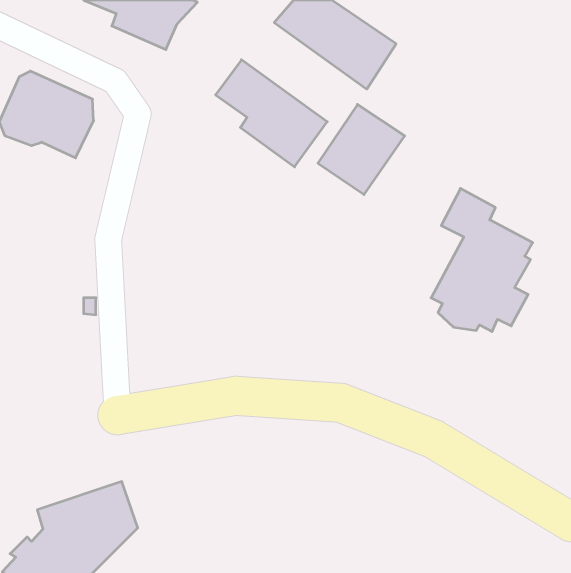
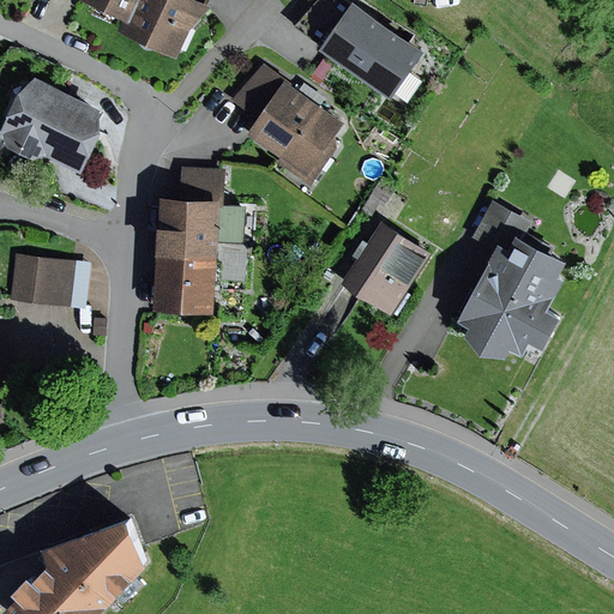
building: [318,104,405,195] -> [337,222,429,318]
building: none -> [150,169,245,314]
building: none -> [5,257,86,311]

